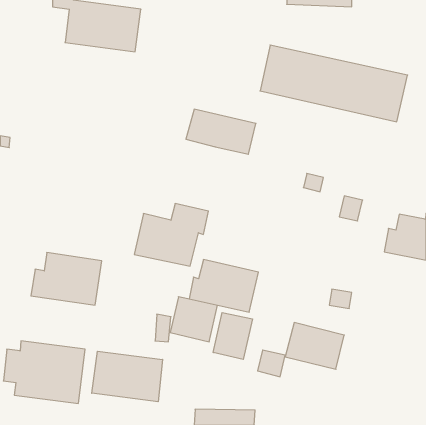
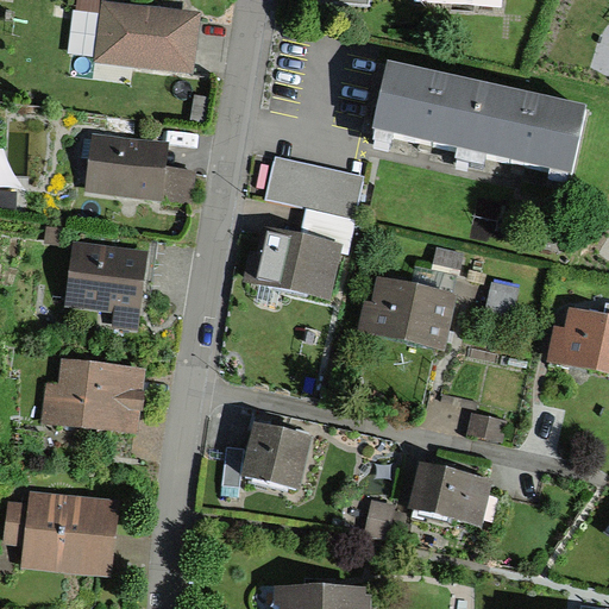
building: none -> [83,132,192,206]
building: none -> [64,238,149,328]
building: [134,204,208,266] -> [249,209,354,299]
building: [189,260,258,312] -> [358,274,457,349]
building: [213,313,252,359] -> none
building: [92,351,163,402] -> none

